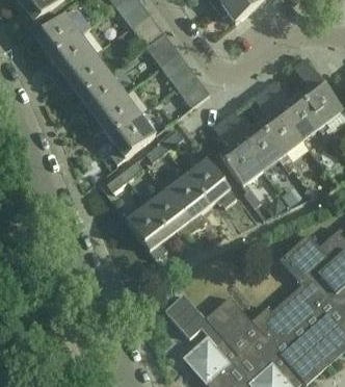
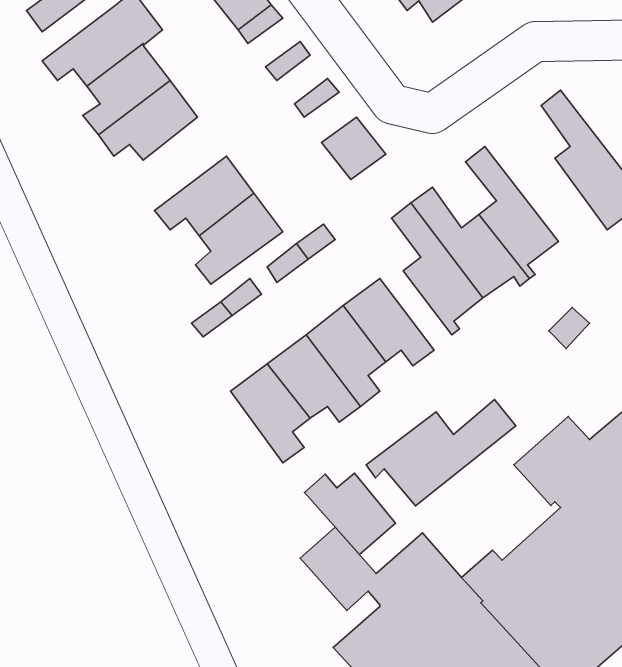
building: [78,73,125,123] -> none
building: [263,80,326,139] -> none
building: none -> [366,399,516,506]
building: none -> [305,473,395,554]

